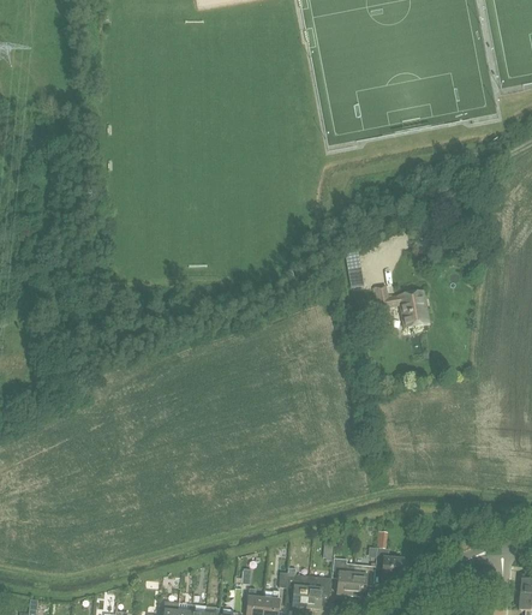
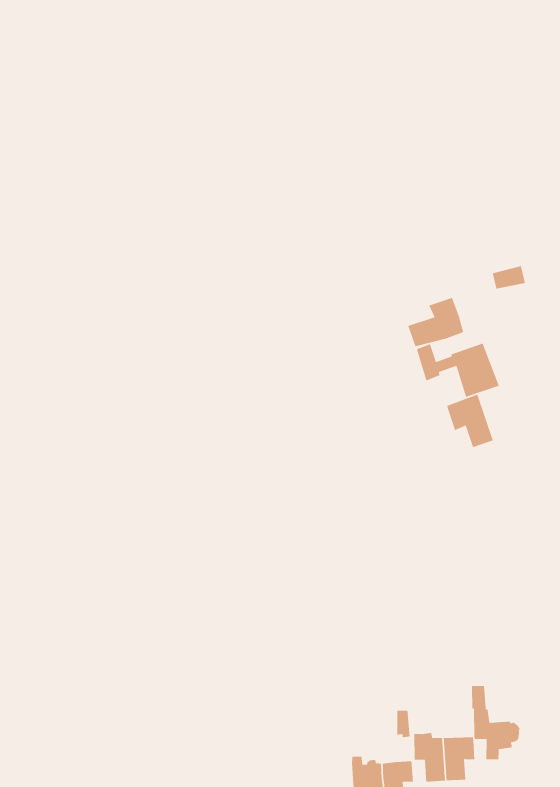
building: none -> [407,297,464,347]
building: none -> [446,394,494,448]

